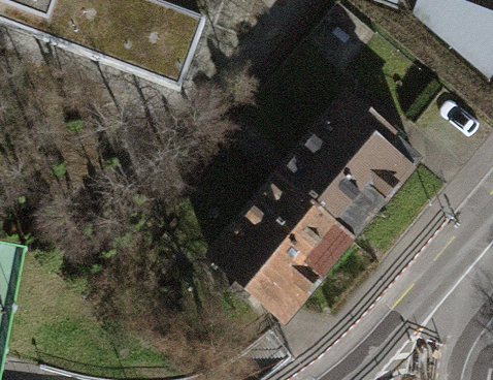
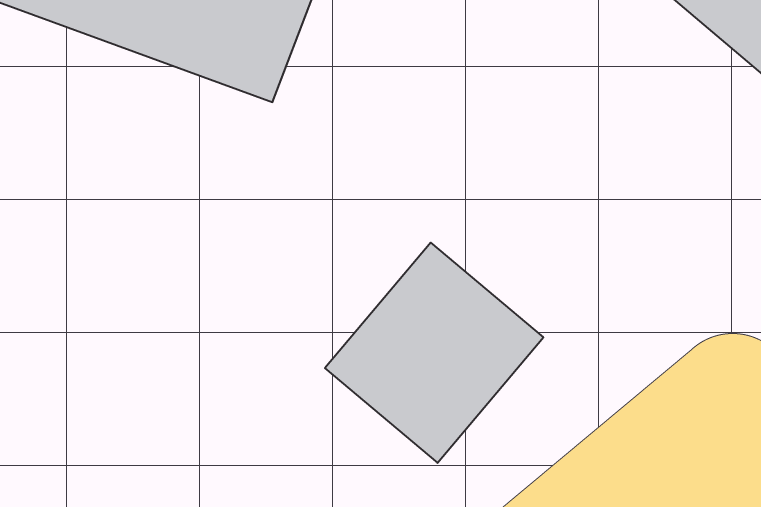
building: [278,95,418,234] -> none

